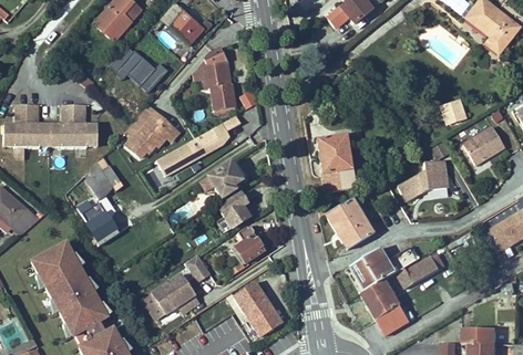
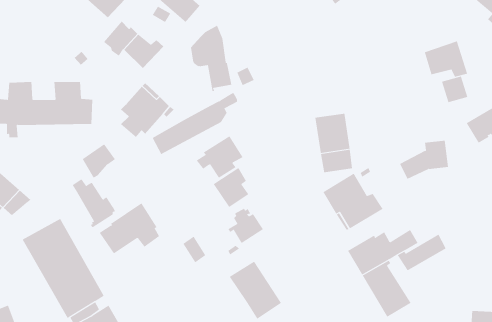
building: none -> [424,41,468,78]
building: [140,270,199,321] -> [99,202,160,254]

